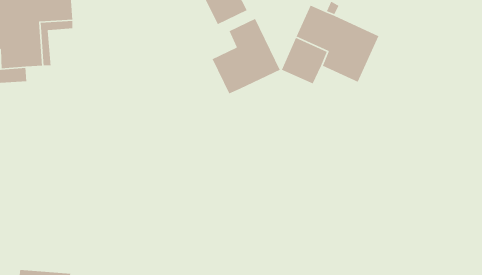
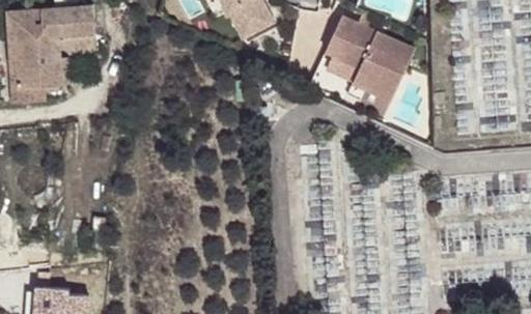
building: [212,18,281,95] -> none

